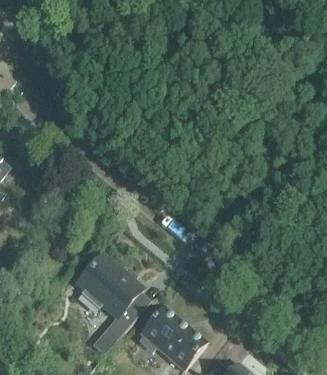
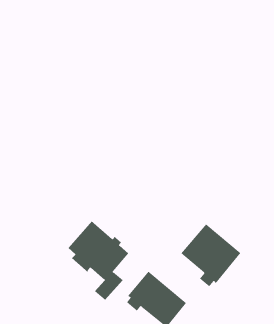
building: none -> [181,224,241,287]

